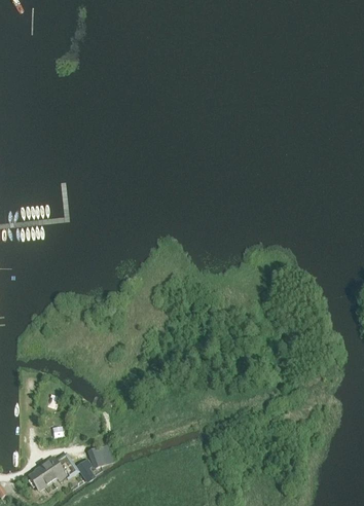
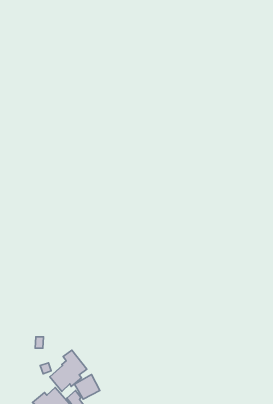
building: none -> [50,350,87,391]

